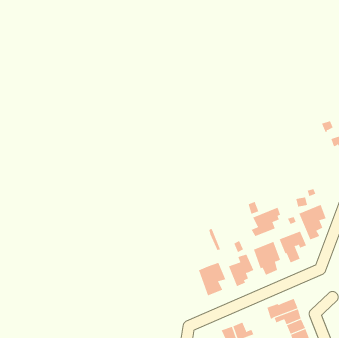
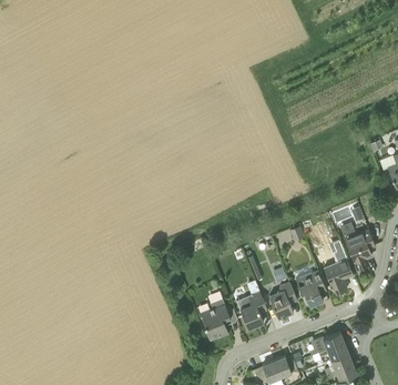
building: [251,207,281,237] -> none
building: none -> [202,298,231,337]

